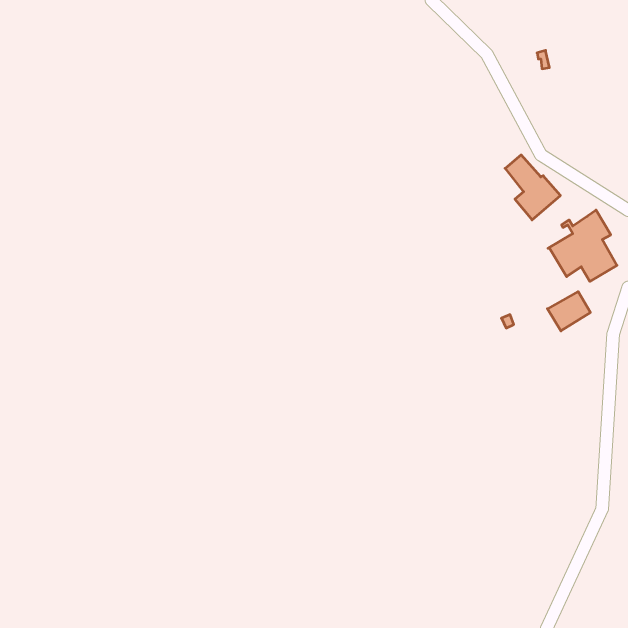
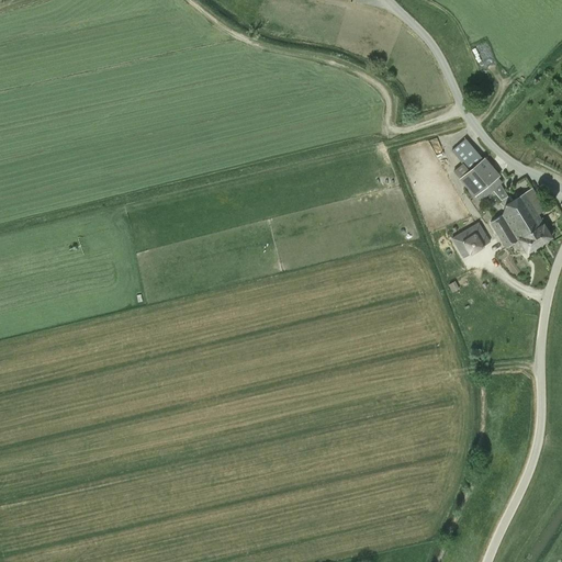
building: [547,292,590,331] -> [451,223,490,258]

